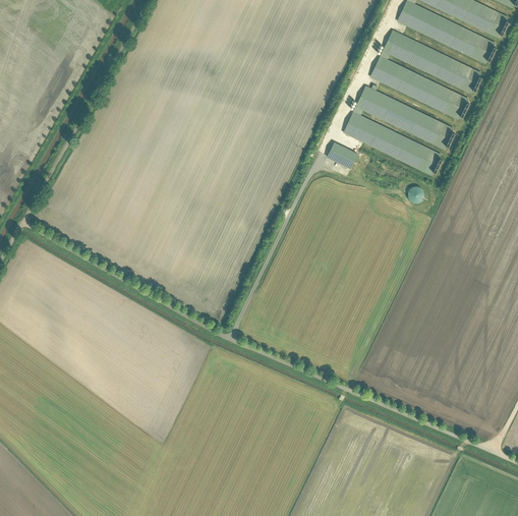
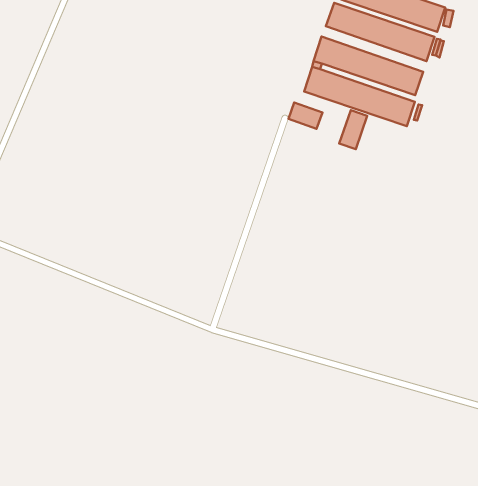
building: none -> [339,110,367,149]

